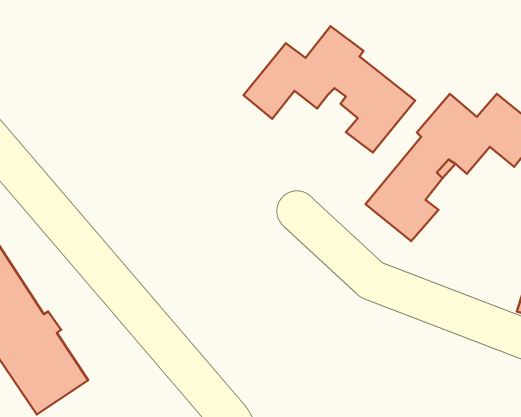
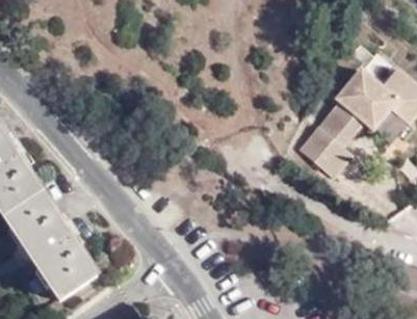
building: [244,26,415,152] -> none

